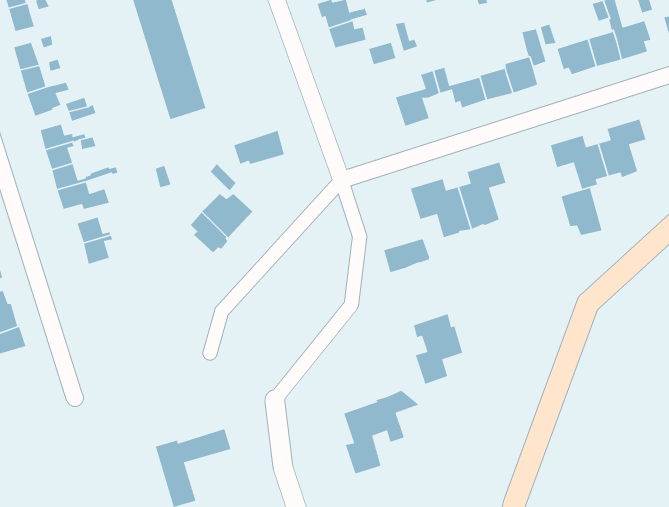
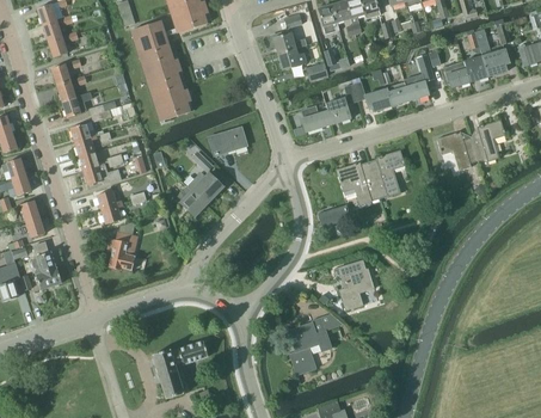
building: none -> [301,106,332,131]
building: [560,187,603,236] -> none
building: none -> [107,230,139,269]

